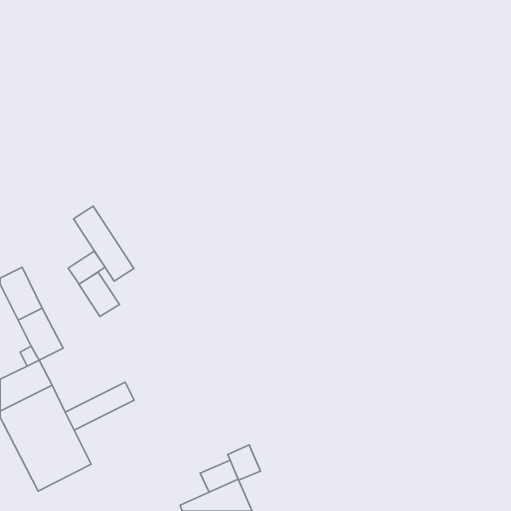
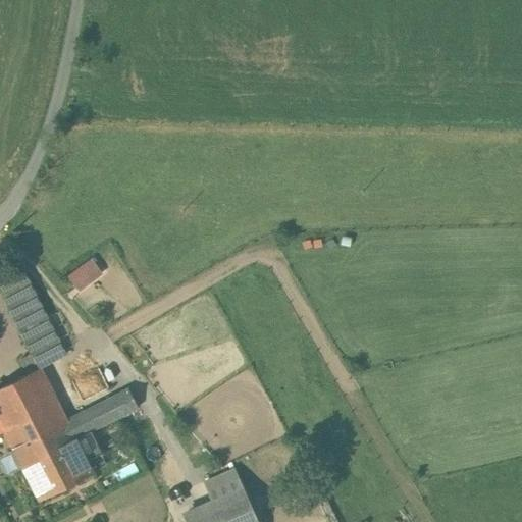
building: [74,206,134,281] -> none
building: [79,272,120,317] -> none
building: [228,445,261,480] -> none

